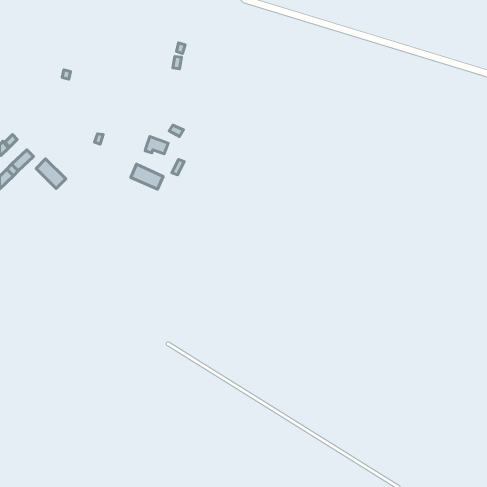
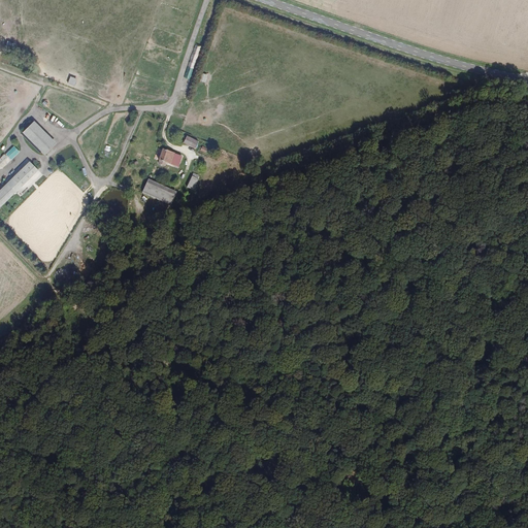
building: [36,159,66,188] -> [23,121,55,153]

